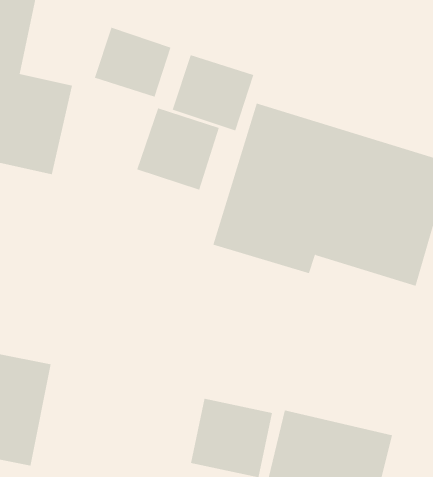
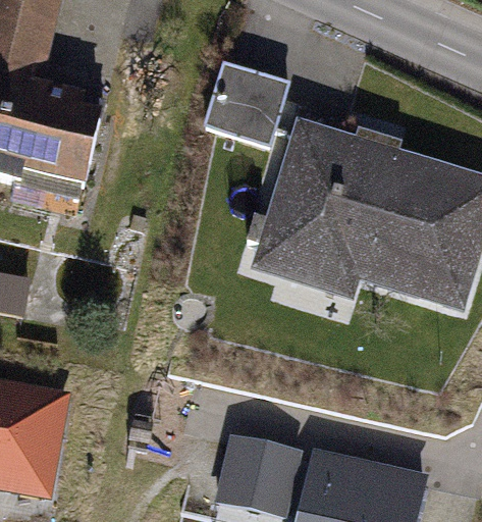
building: [94,27,171,98] -> none
building: [137,107,220,190] -> none

